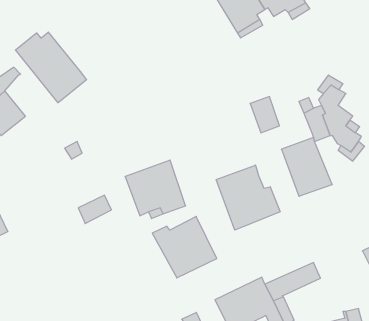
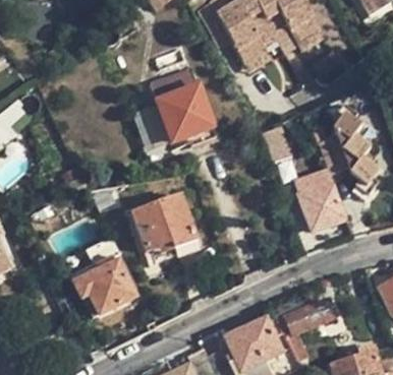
building: [15,32,87,103] -> none
building: none -> [149,69,215,144]
building: [216,165,280,230] -> none
building: [152,216,217,278] -> [67,251,134,315]

